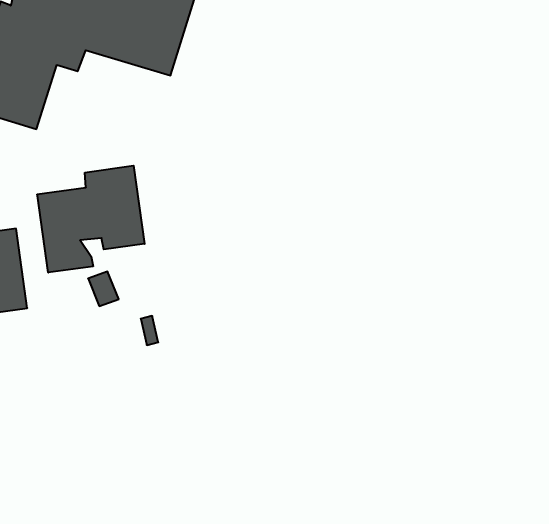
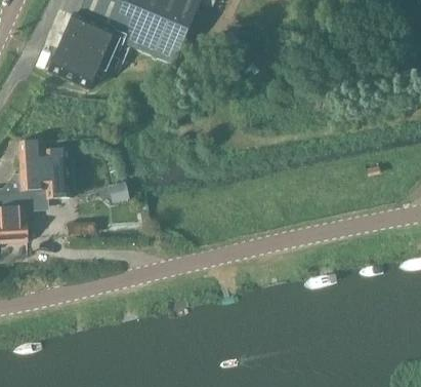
building: [37,166,145,273] -> none

